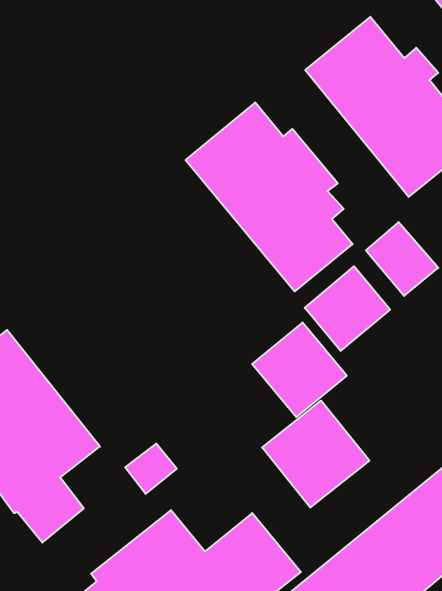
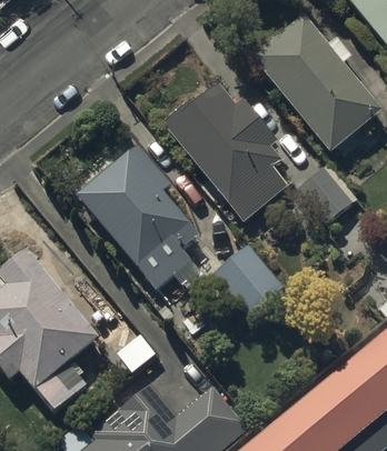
building: none -> [77,143,198,289]
building: [305,266,390,351] -> none
building: [262,401,369,508] -> none

